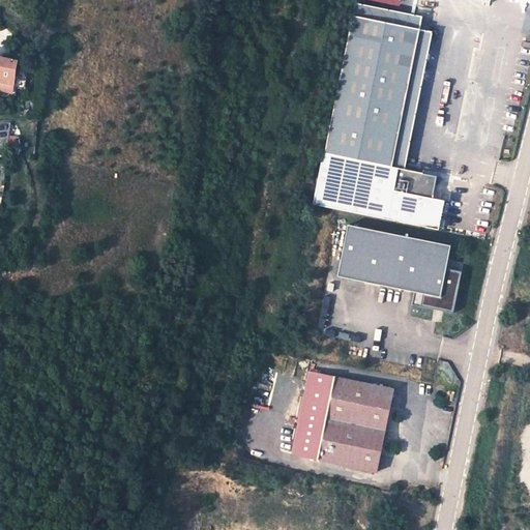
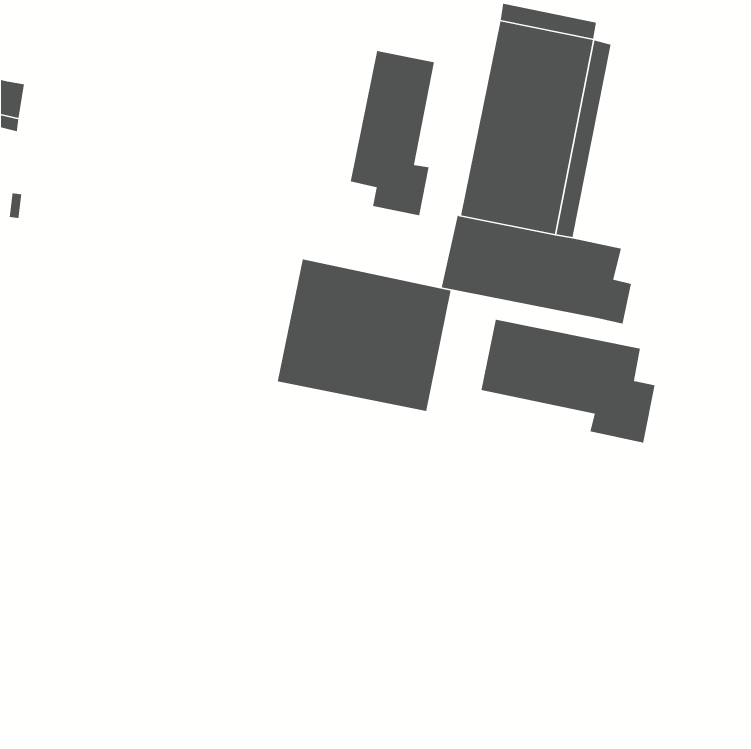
building: none -> [350,50,435,216]
building: none -> [277,258,452,412]
building: [293,371,392,471] -> none

